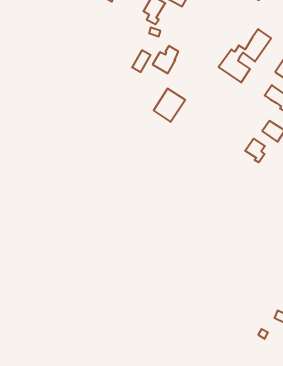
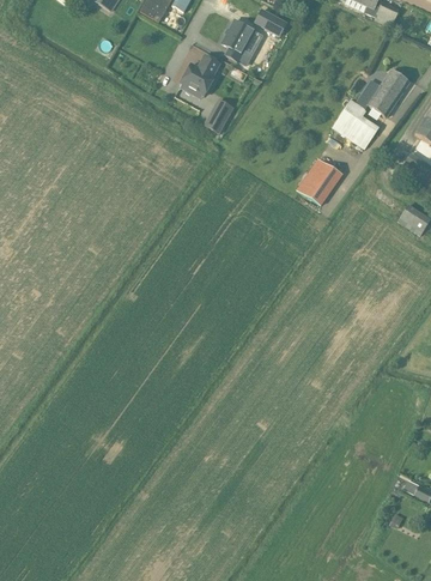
building: [153,46,178,73] -> [180,54,218,95]
building: [154,89,185,122] -> [296,156,342,205]
building: [245,139,265,162] -> none

